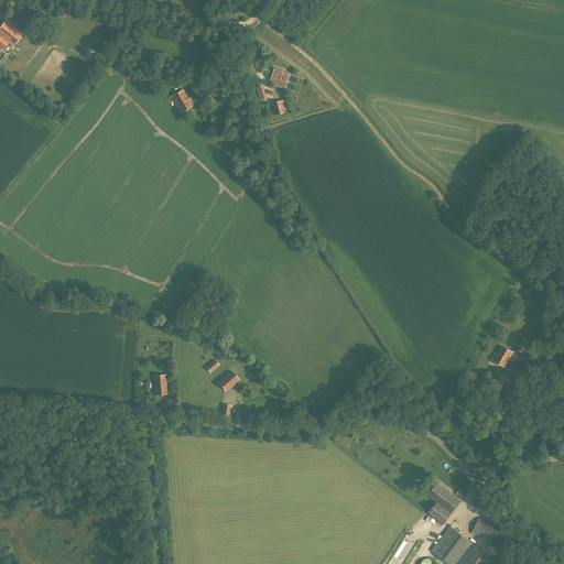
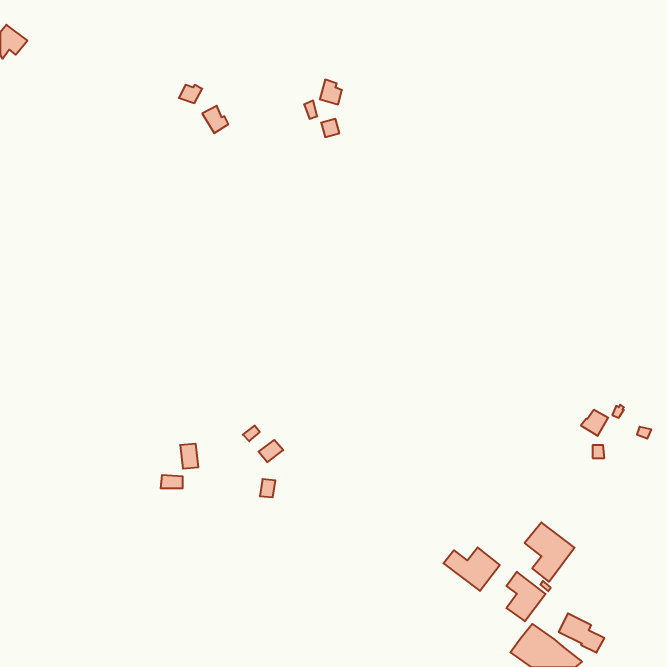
building: none -> [525,522,575,582]
building: none -> [443,547,500,591]

